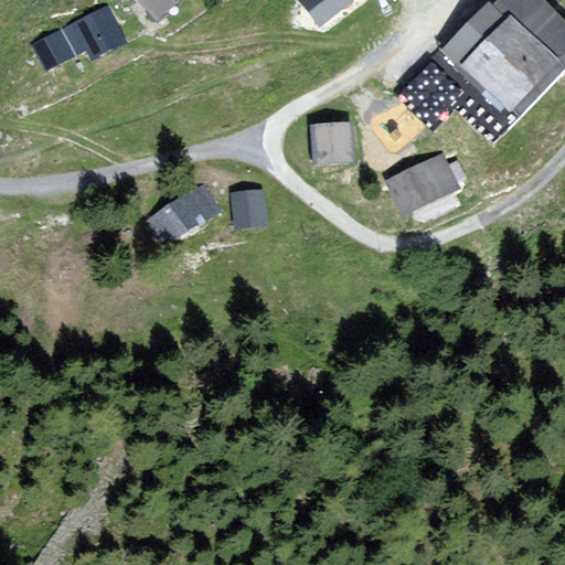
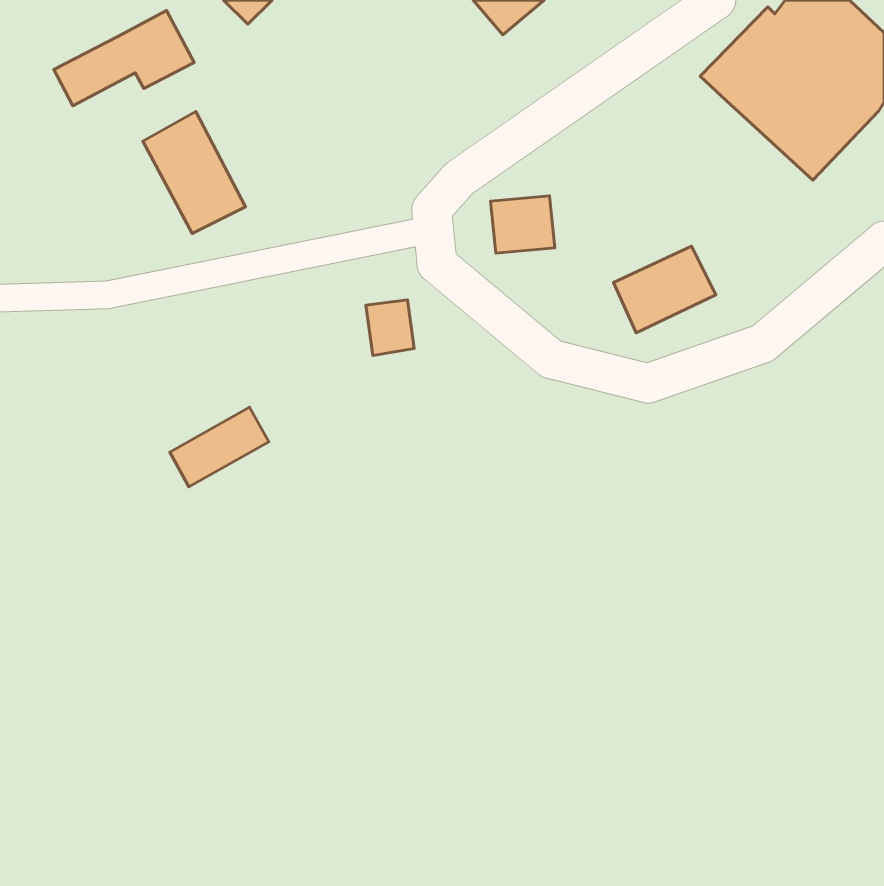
building: none -> [143,112,246,233]
building: [153,190,216,241] -> [170,407,269,487]

